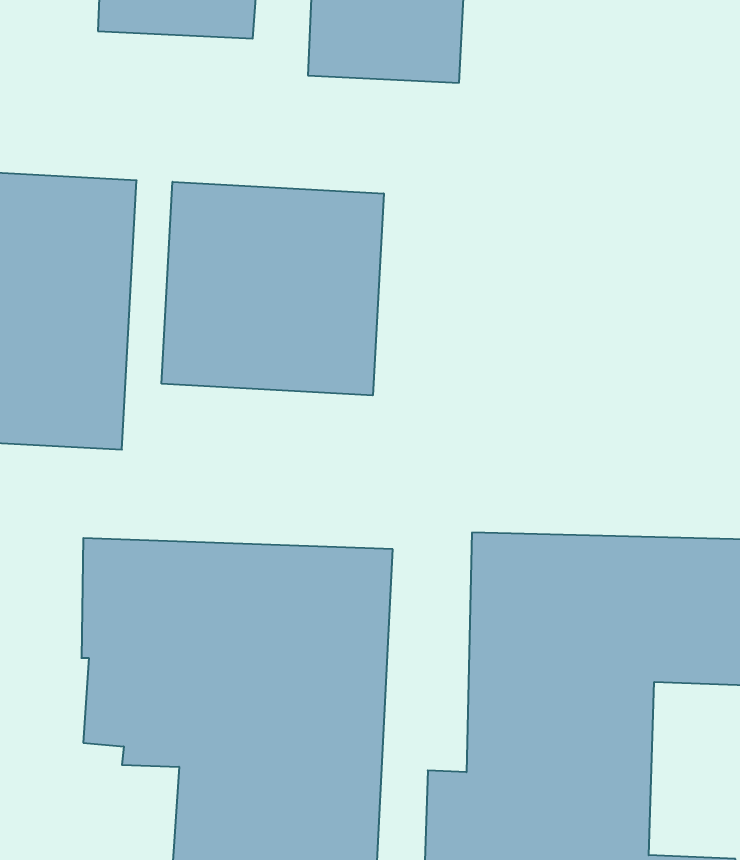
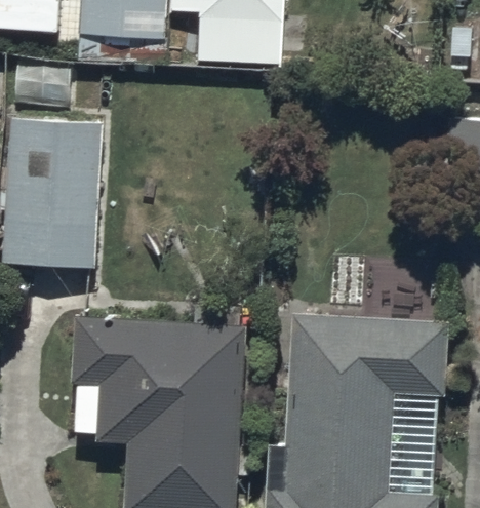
building: [162,182,384,395] -> none

